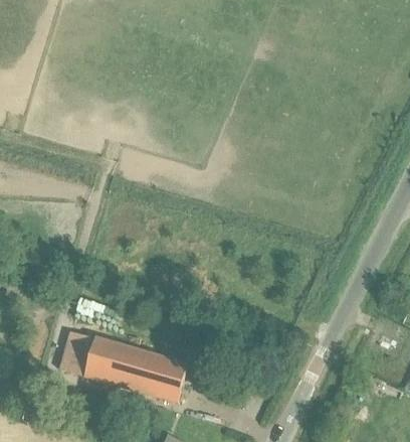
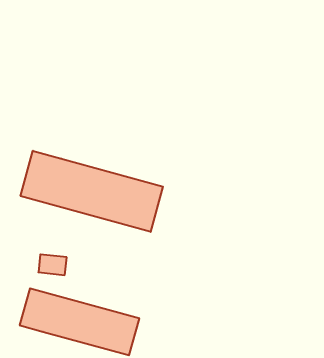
building: none -> [21,151,163,232]

